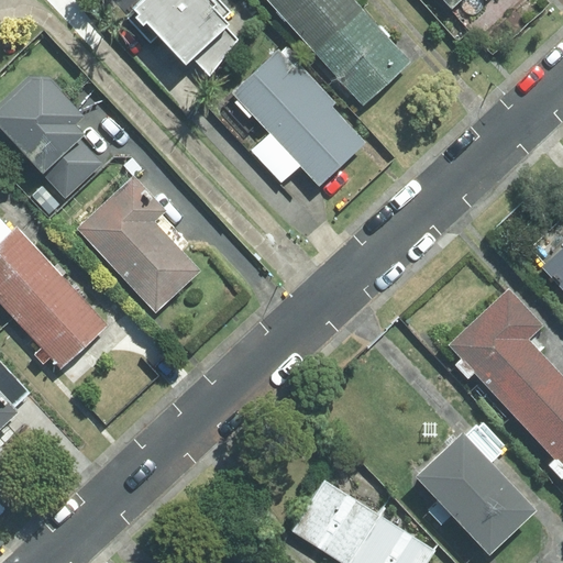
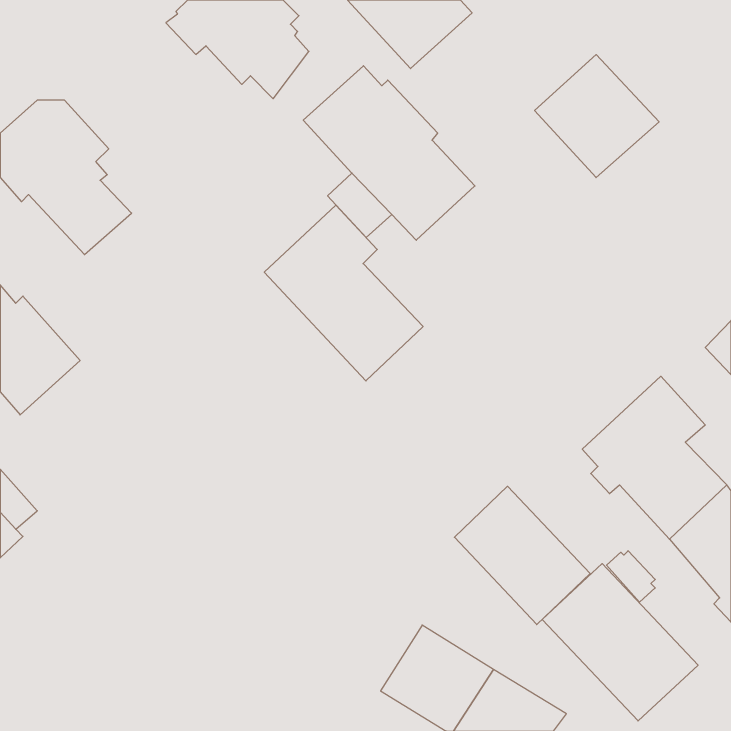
building: [316,10,411,104] -> [535,55,659,178]
building: [78,177,200,312] -> [264,205,423,381]
building: [15,277,107,368] -> none
building: none -> [454,486,590,625]

